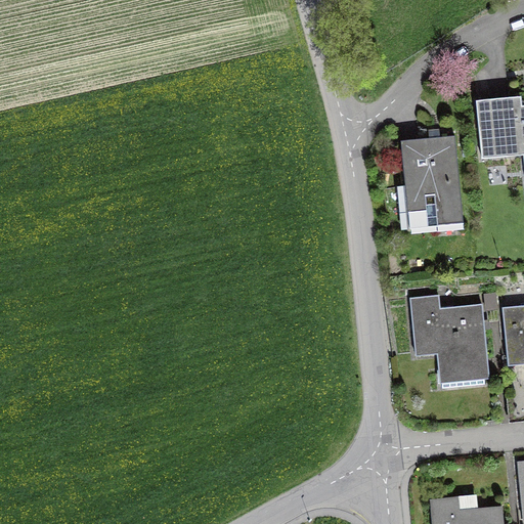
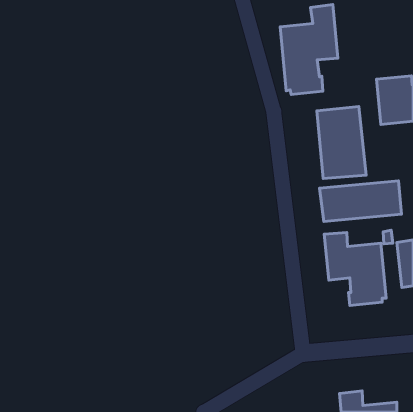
building: none -> [280,5,338,94]
building: none -> [320,181,402,222]

